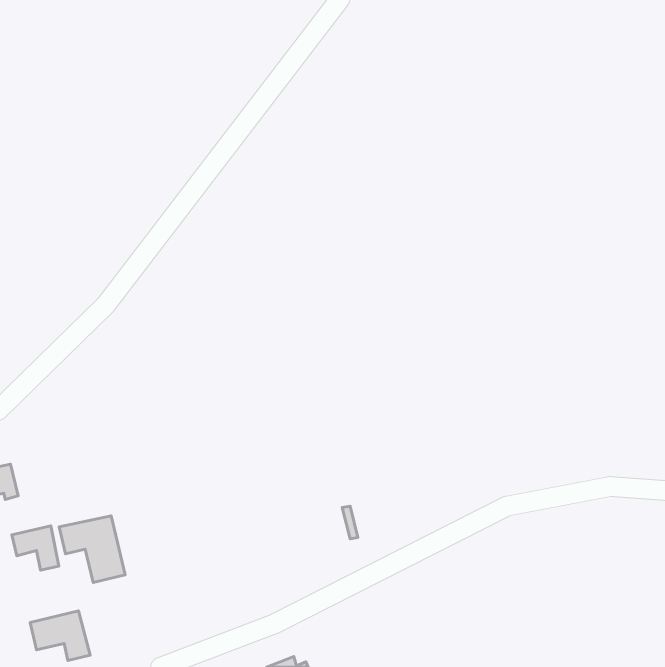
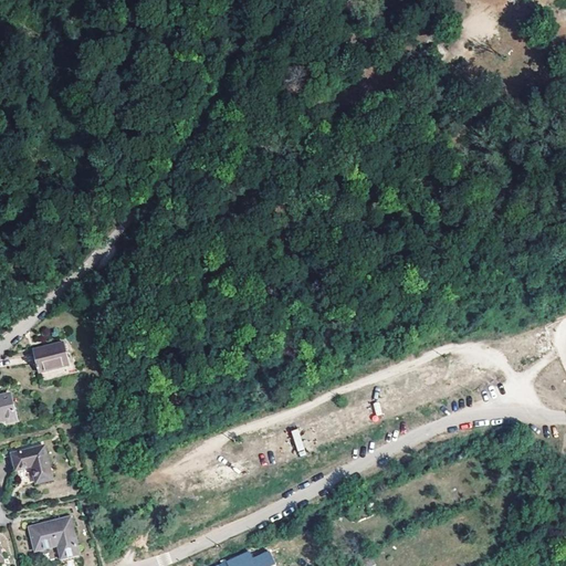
building: none -> [33,342,69,371]
building: [59,516,125,583] -> none

